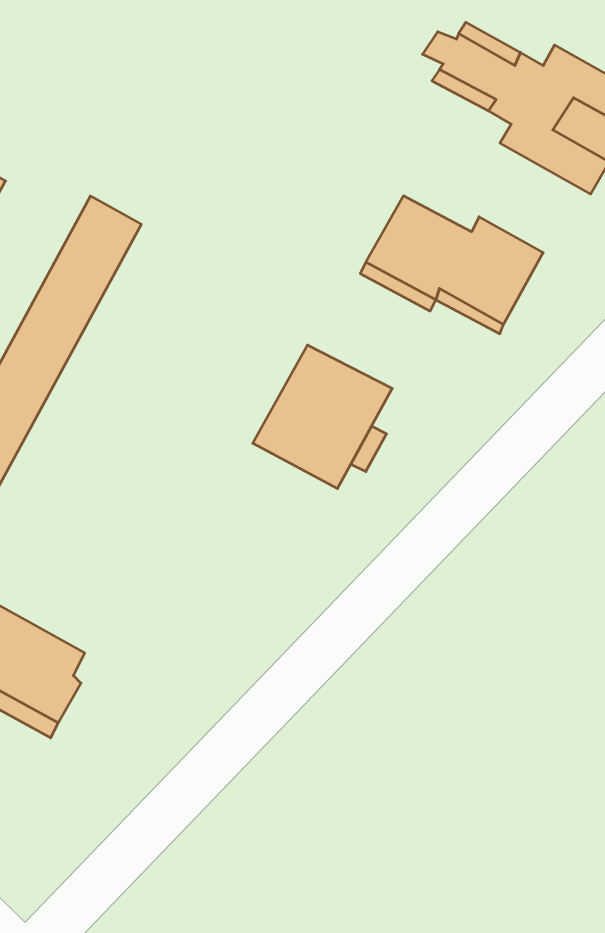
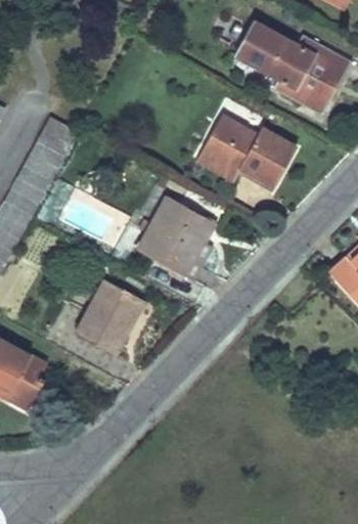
building: none -> [76,280,144,354]

